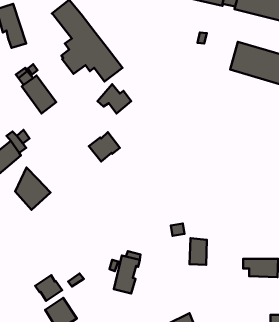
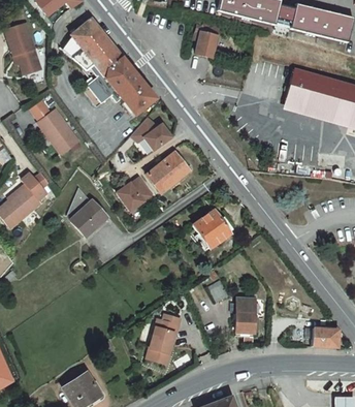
building: none -> [198,22,222,57]
building: none -> [64,34,96,69]
building: none -> [147,151,189,191]
building: none -> [193,208,233,249]
building: [15,168,50,210] -> [64,190,106,241]
building: [35,275,62,301] -> none

